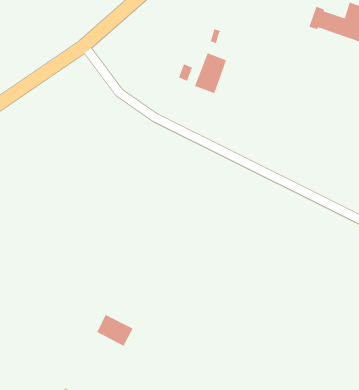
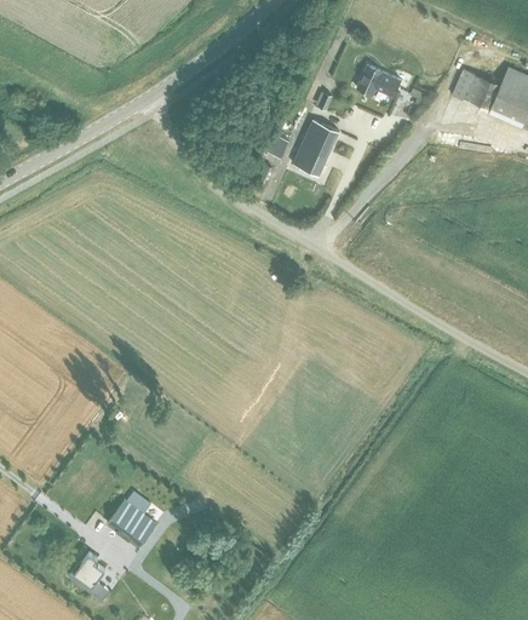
building: none -> [356,67,400,98]
building: [96,314,133,346] -> [111,496,161,541]

